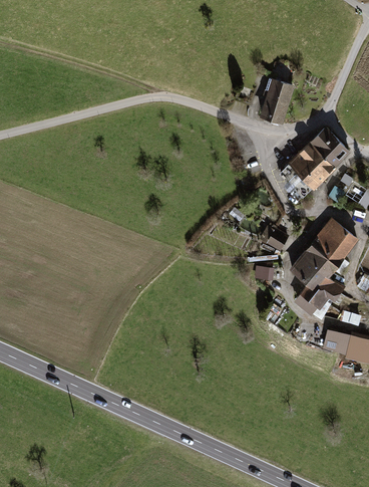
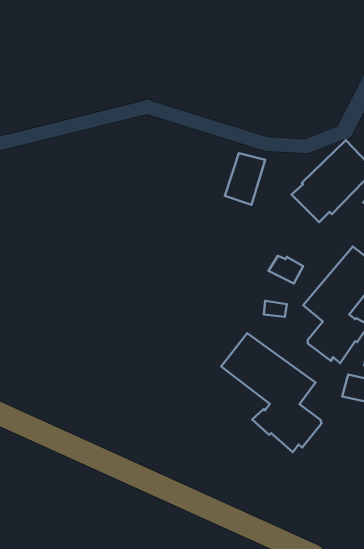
building: [259,78,294,124] -> [225,153,265,205]
building: none -> [221,333,321,452]

